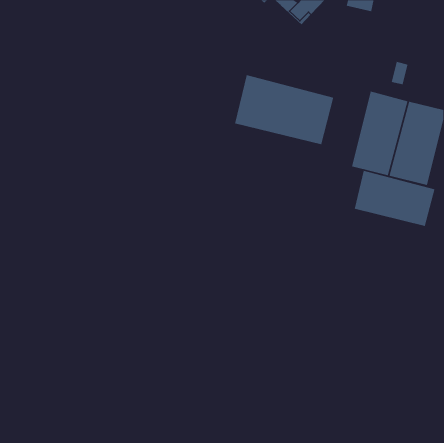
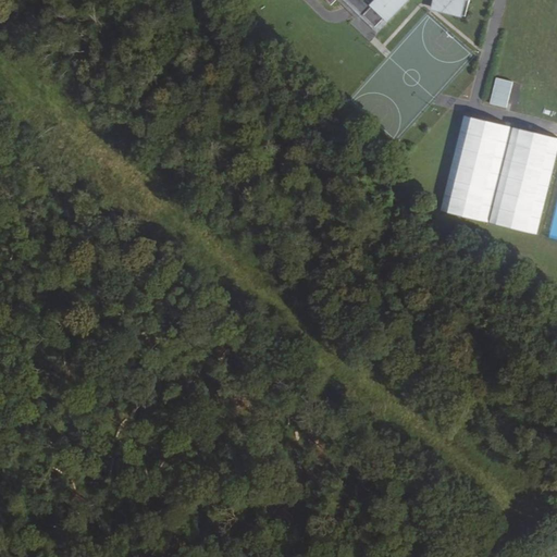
building: [234,74,334,145] -> none
building: [354,170,435,227] -> none

